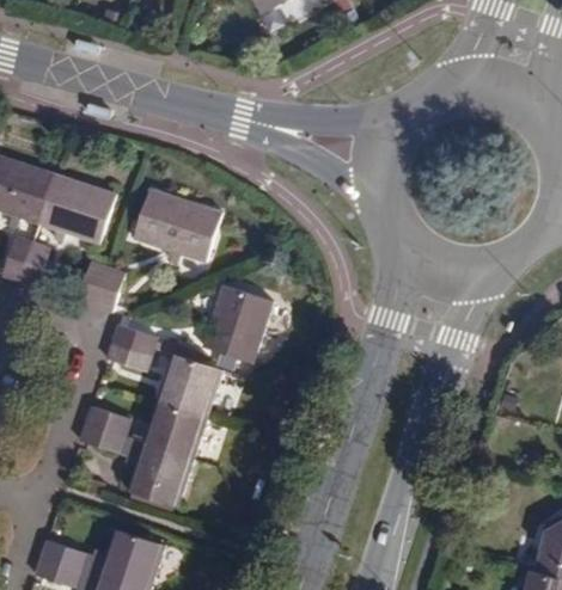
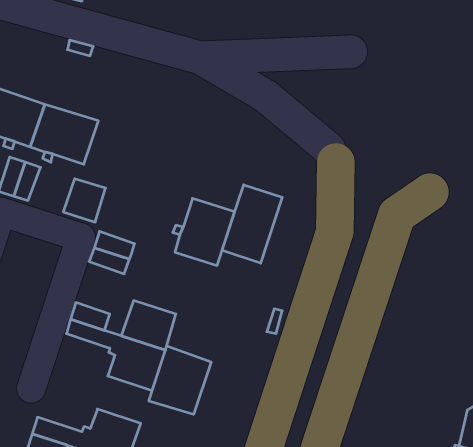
building: [136,179,225,251] -> none
building: none -> [222,185,282,263]
building: [157,355,222,418] -> none
building: none -> [149,346,211,414]

